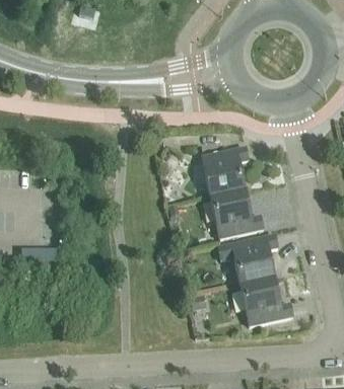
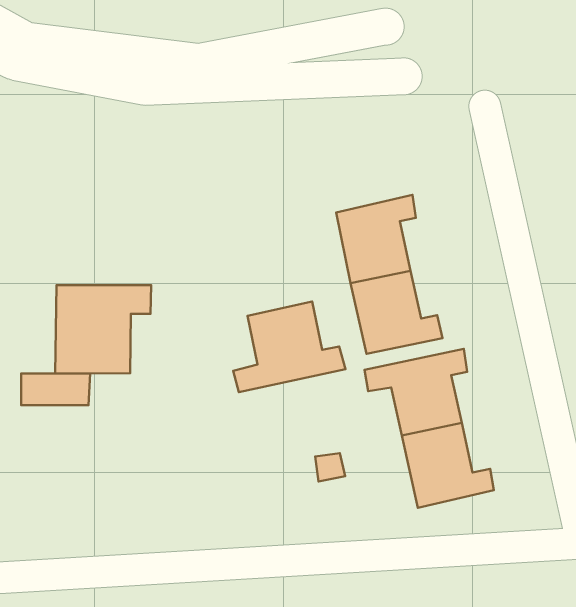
building: none -> [55,285,151,373]
building: none -> [233,301,346,392]

